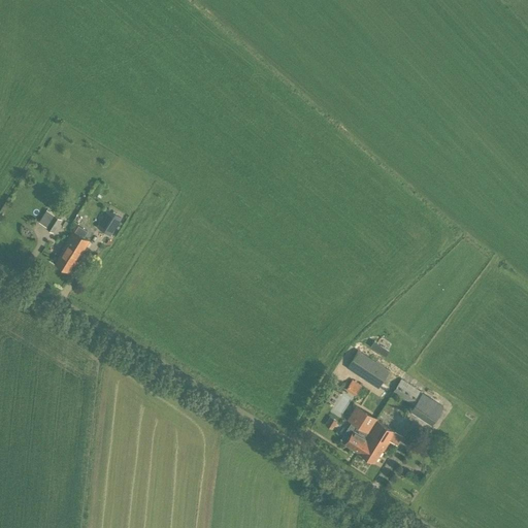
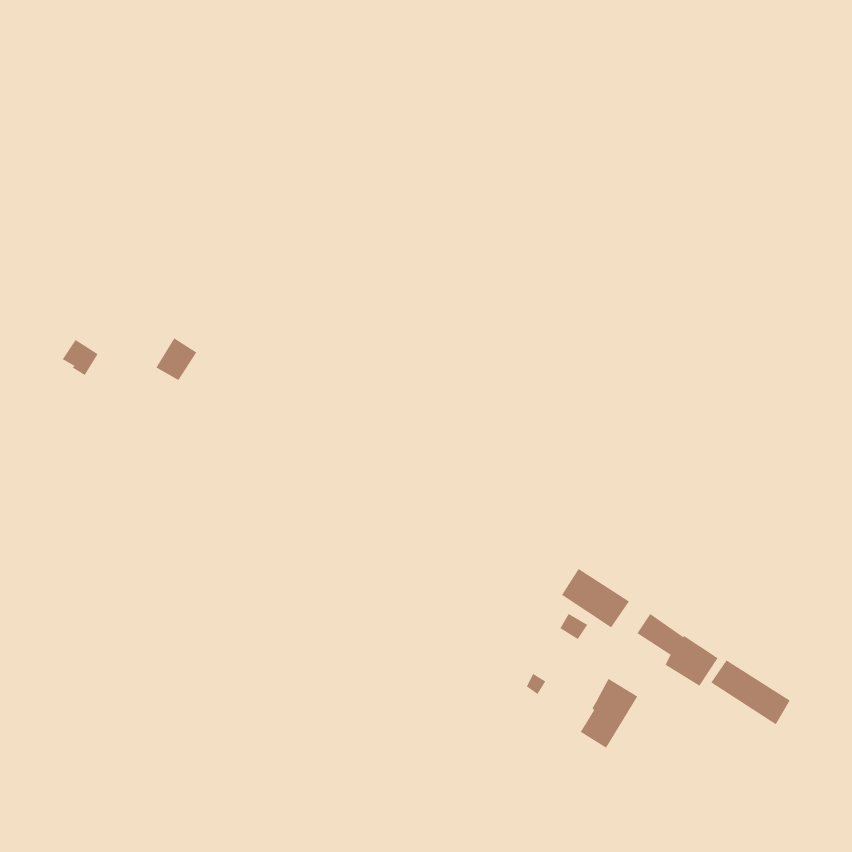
building: [56,232,90,272] -> none
building: none -> [710,659,791,725]
building: [343,409,376,453] -> none

